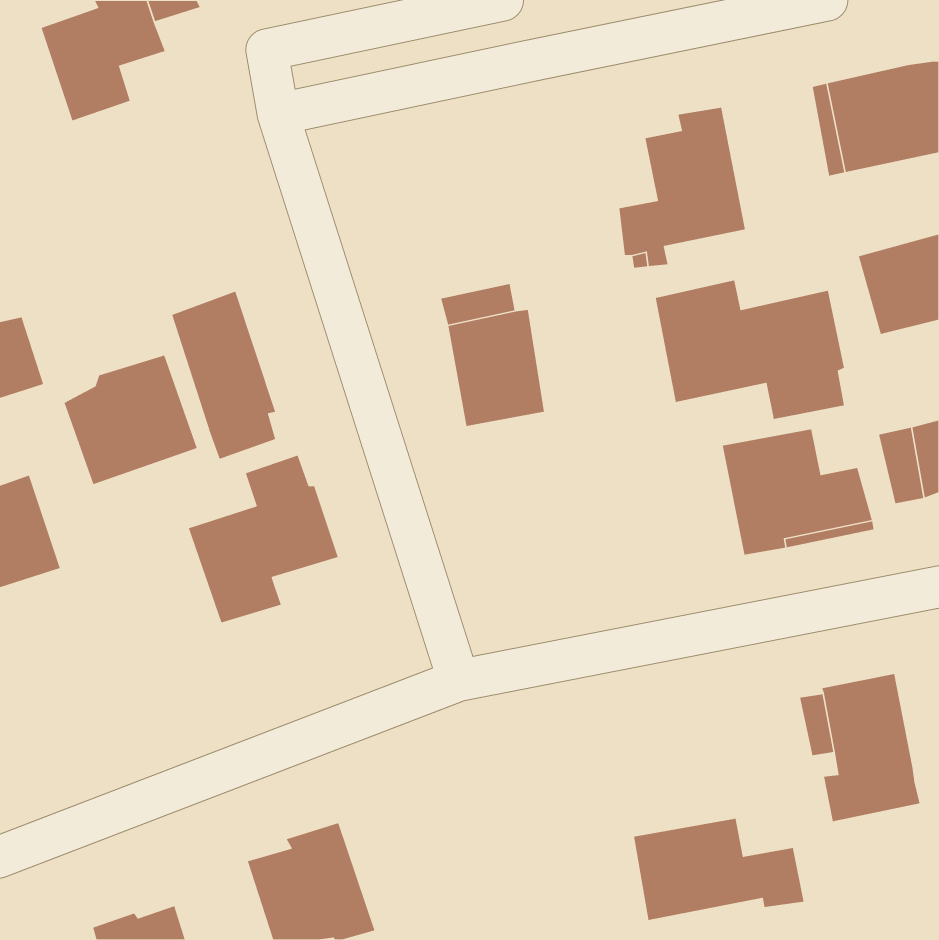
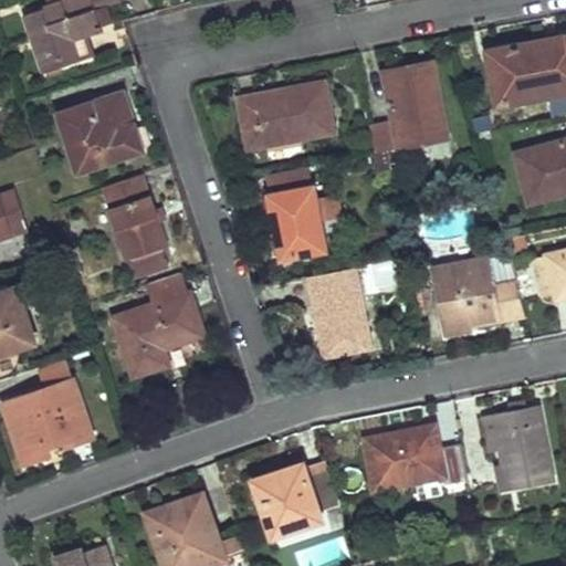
building: none -> [241,84,334,148]
building: [655,279,845,420] -> none
building: [64,355,198,485] -> [61,94,142,172]
building: none -> [307,268,370,357]
building: none -> [6,380,94,454]
building: none -> [254,463,340,536]
building: [633,818,804,921] -> [365,428,468,490]

